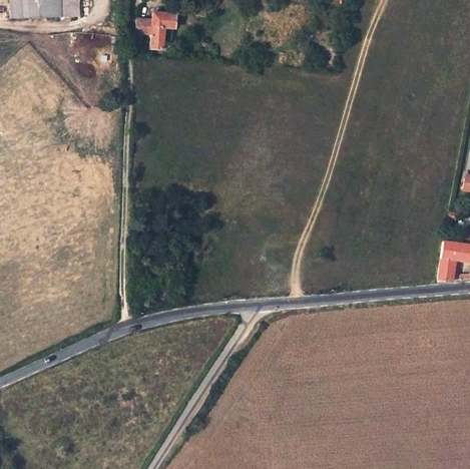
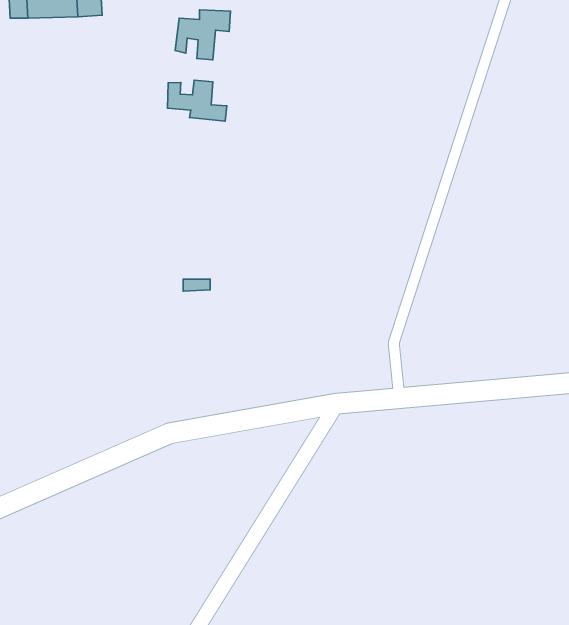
building: none -> [168,80,227,121]

